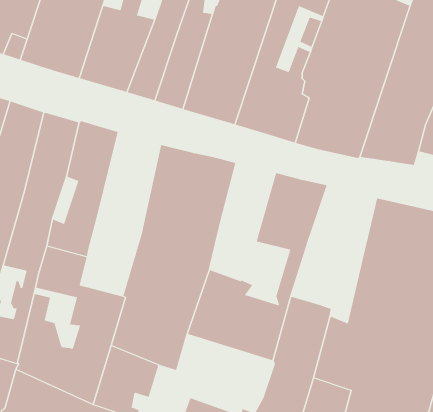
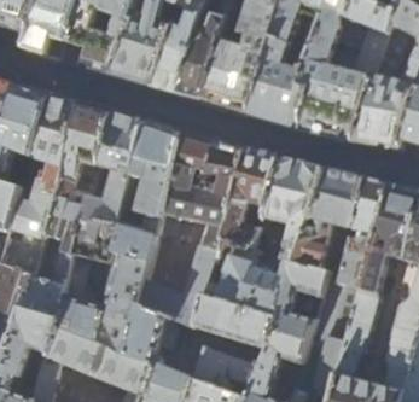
building: none -> [111,121,180,262]
building: none -> [222,147,279,249]
building: none -> [292,167,366,269]
building: none -> [194,295,278,349]

